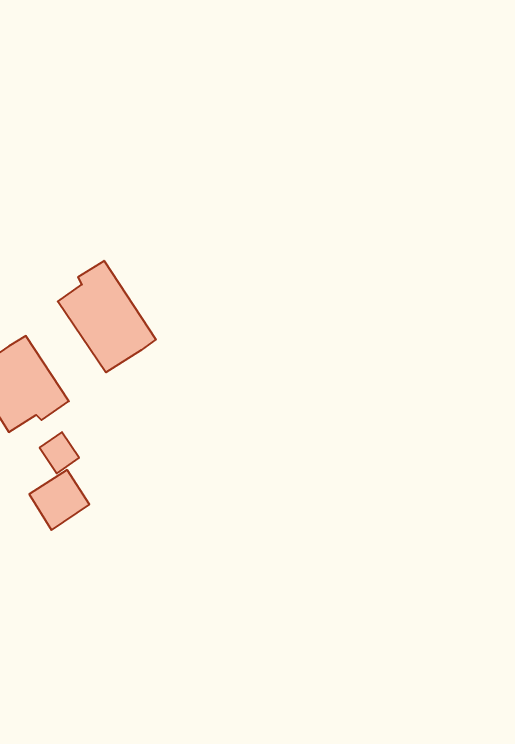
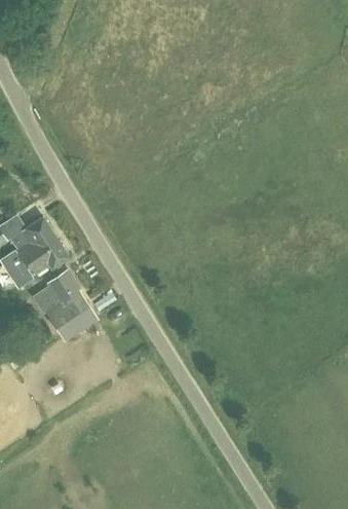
building: [58,261,156,372] -> none

